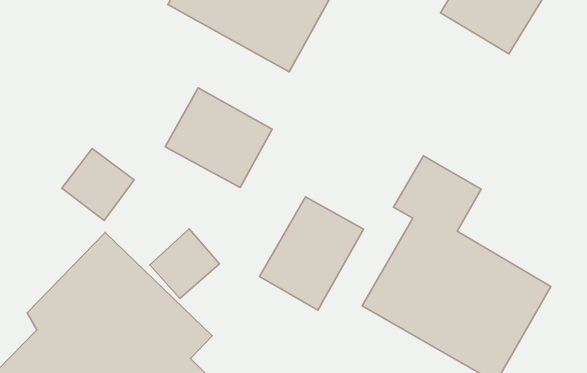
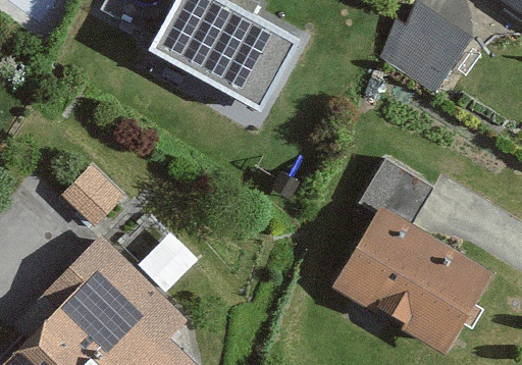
building: [165,88,272,188] -> none
building: [259,197,364,310] -> none

